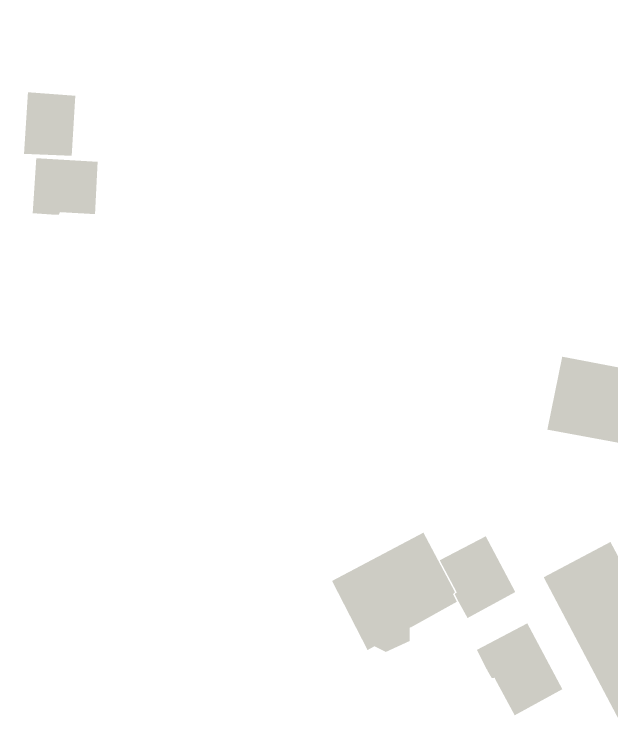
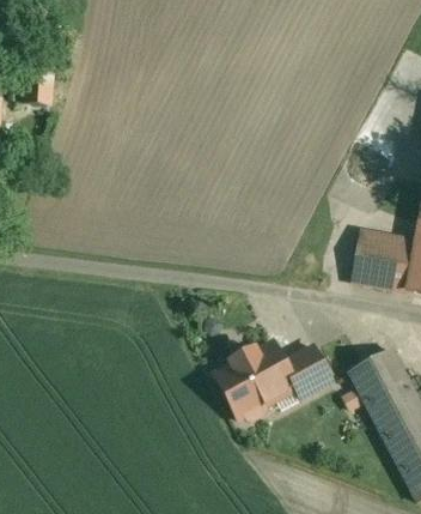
building: [32,157,98,215] -> none
building: [476,623,563,716] -> none

